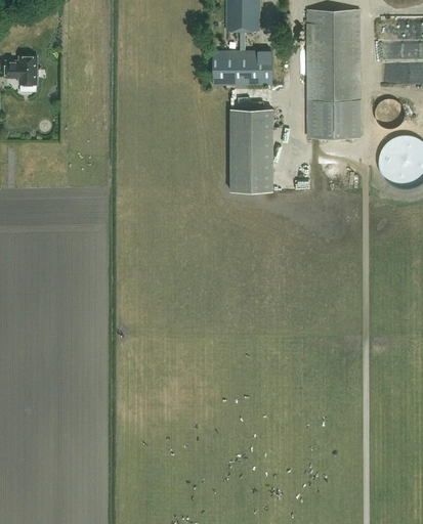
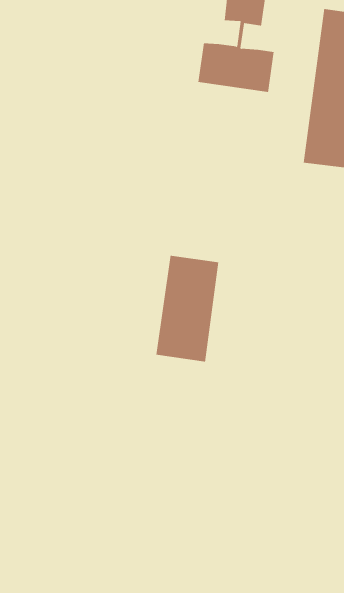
building: [230,108,272,191] -> [155,255,219,362]

